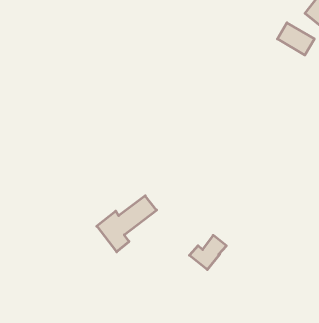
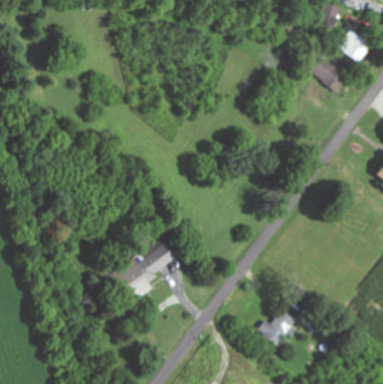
building: [189,235,226,270] -> [257,309,297,345]

